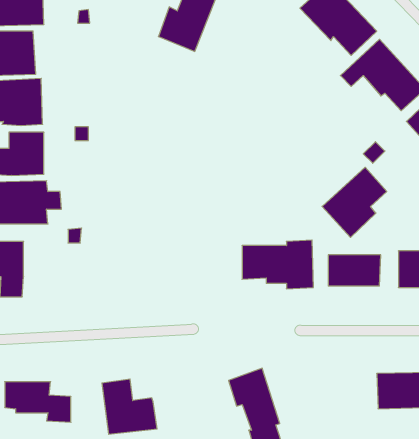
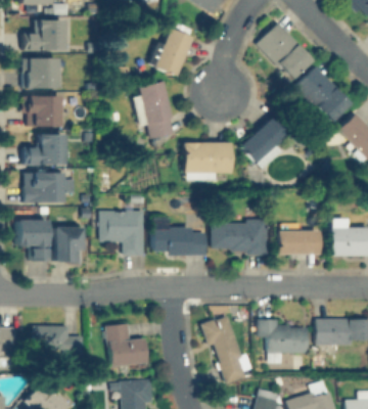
building: none -> [135,81,176,137]
building: none -> [184,141,231,180]
building: [322,167,387,237] -> [240,116,289,169]
building: none -> [101,210,145,254]
building: none -> [53,226,83,265]
building: none -> [153,226,206,255]
building: none -> [258,318,308,363]

